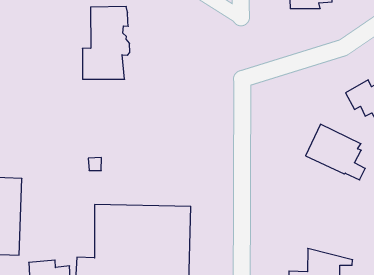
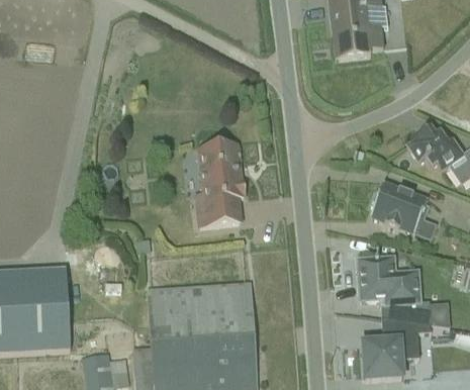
building: [82,7,130,79] -> [194,142,246,225]
building: none -> [358,249,450,324]

